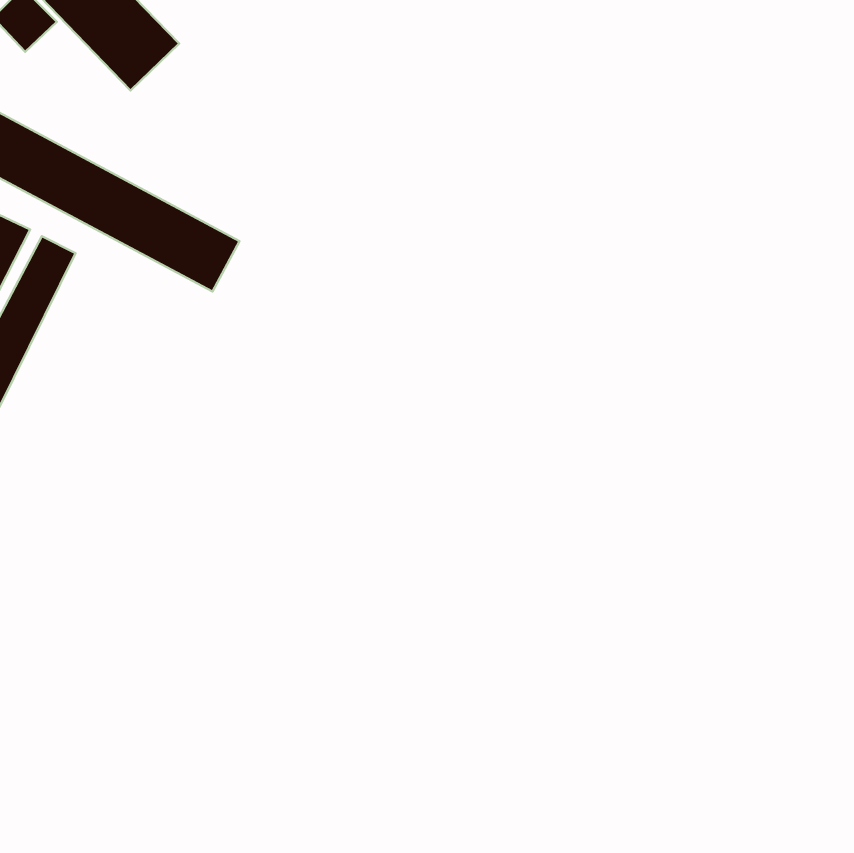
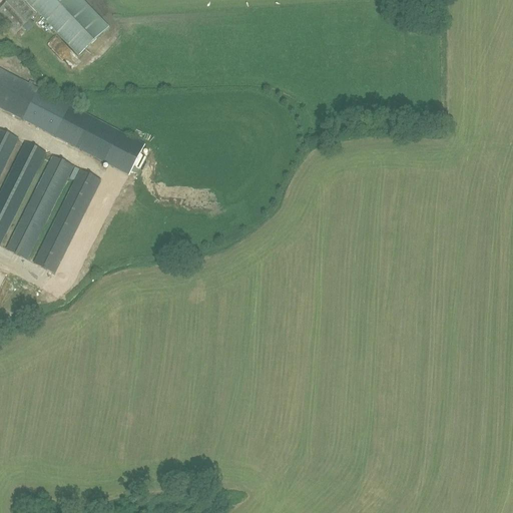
building: none -> [6,155,73,258]
building: none -> [33,168,100,272]

